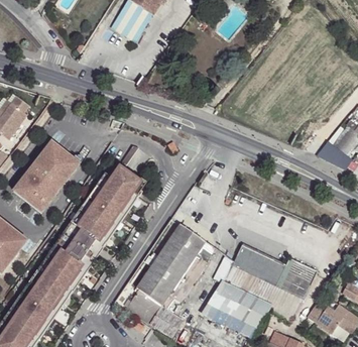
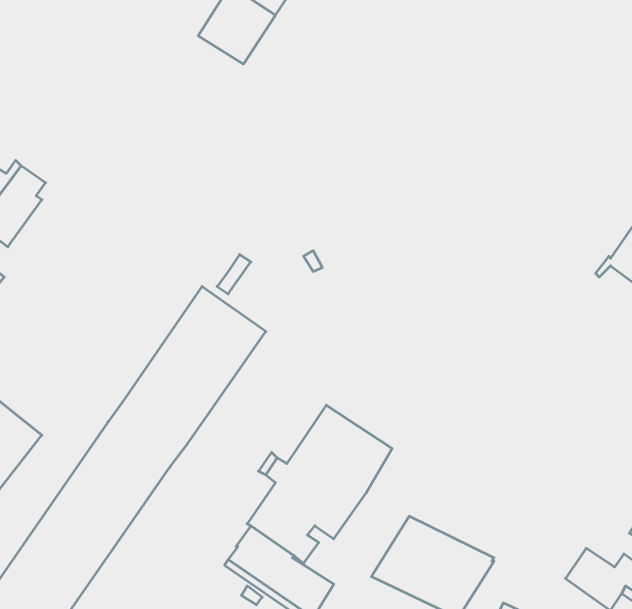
building: [13,141,80,213] -> none
building: [224,245,318,322] -> none

